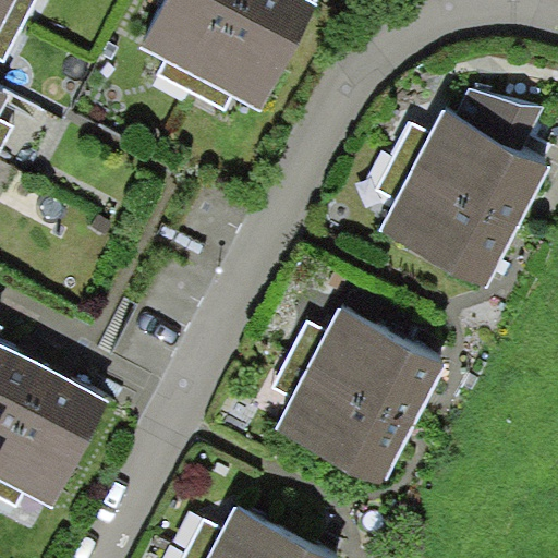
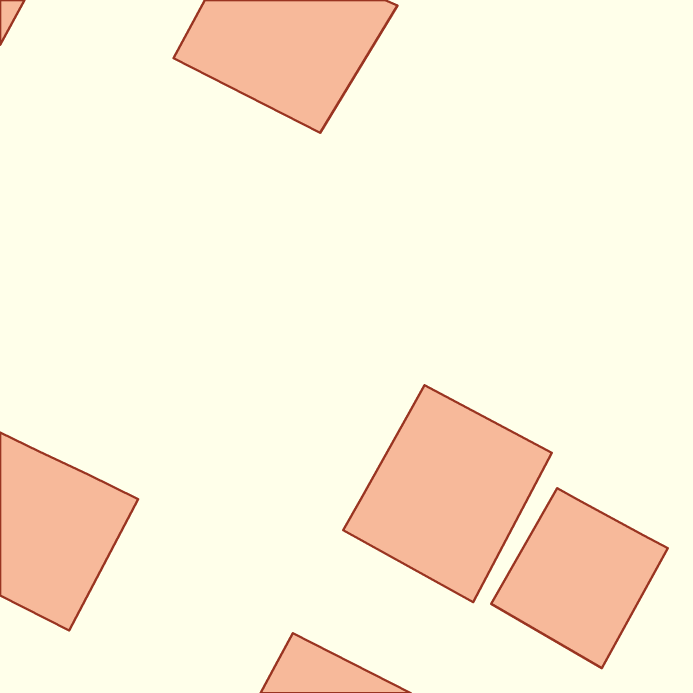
building: [381,110,545,284] -> none
building: none -> [491,488,668,668]

